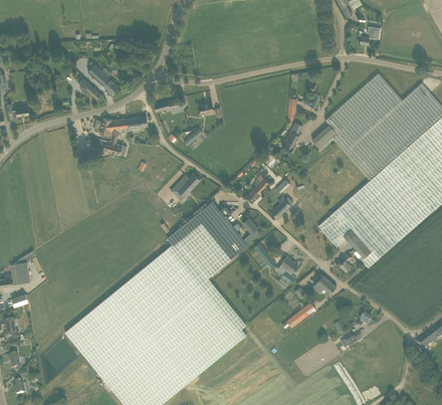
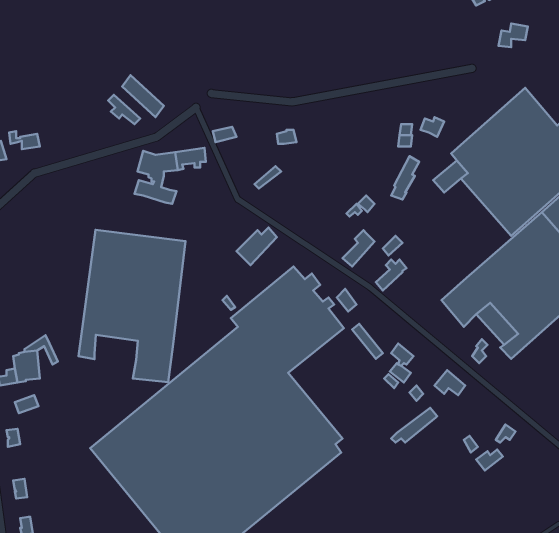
building: none -> [78,230,186,382]

